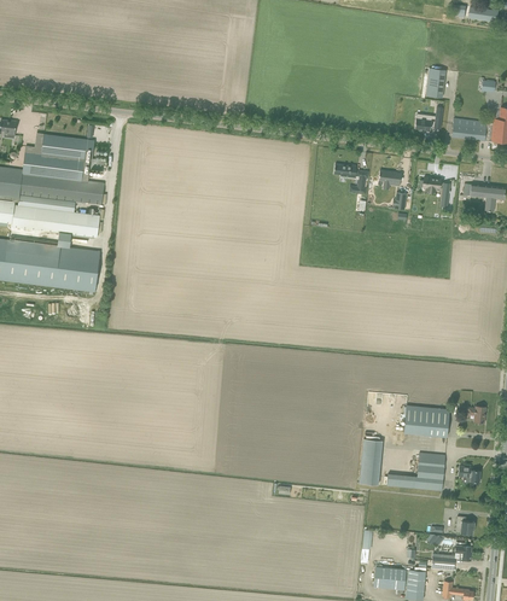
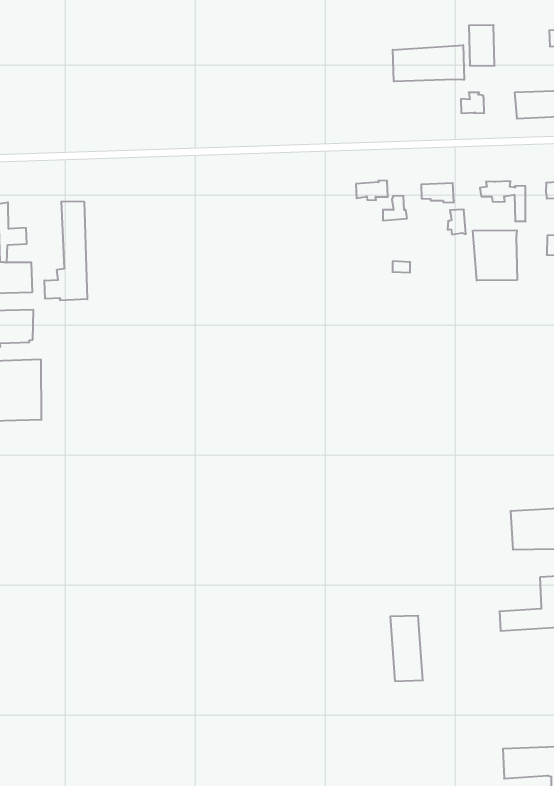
building: none -> [393,45,464,82]
building: none -> [44,201,87,300]
building: none -> [473,230,517,281]
building: [359,437,381,484] -> [390,616,423,681]

